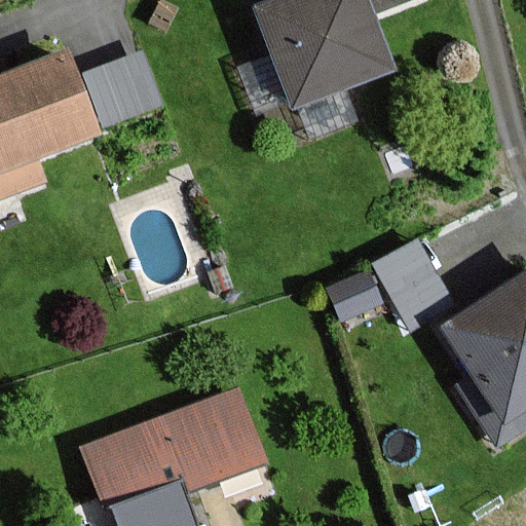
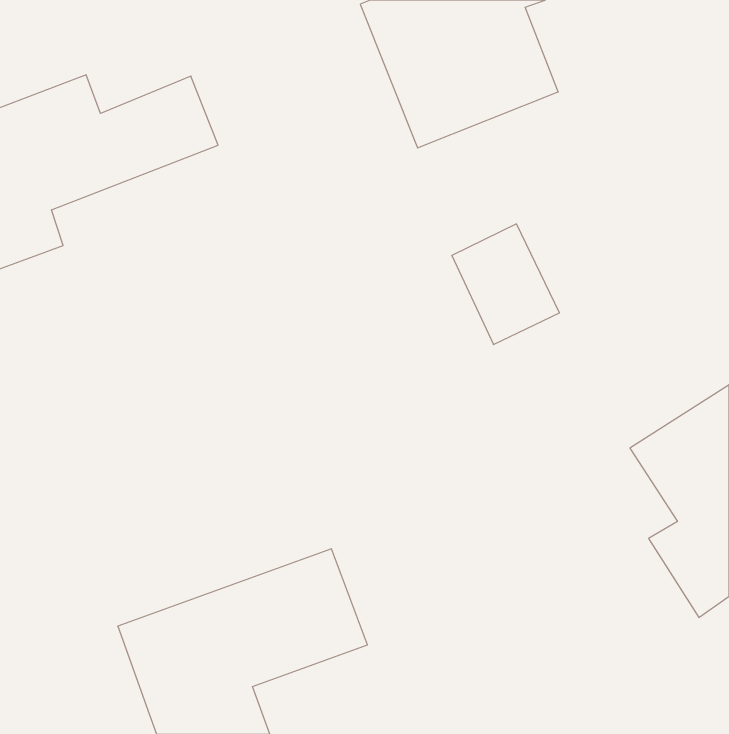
building: [367,228,444,314] -> [452,224,559,345]

